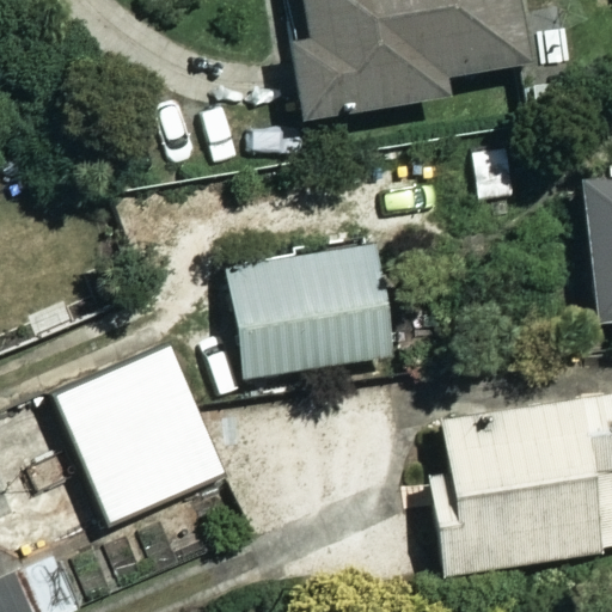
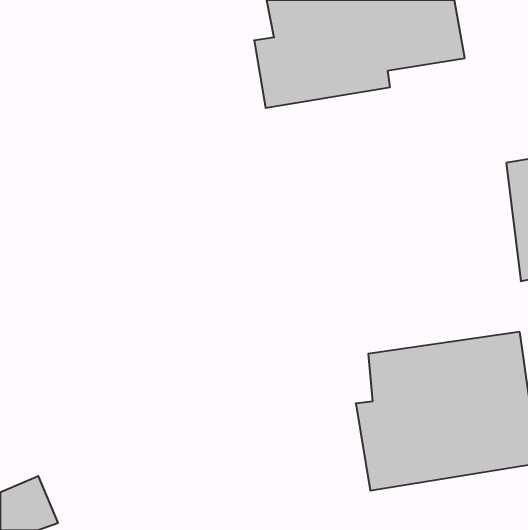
building: [237,253,394,377] -> none
building: [45,338,218,515] -> none

